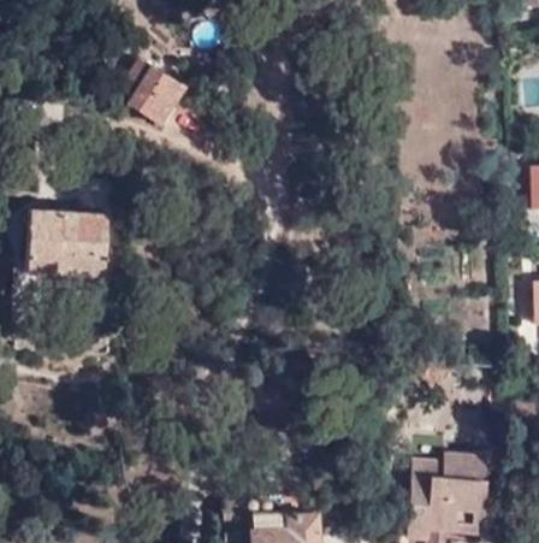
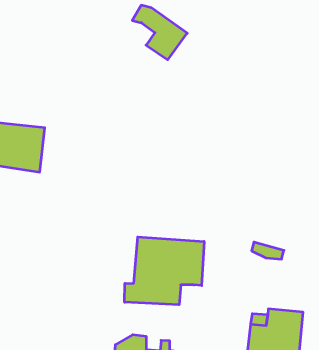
building: [108,54,185,126] -> [132,5,187,60]
building: none -> [125,237,204,305]

